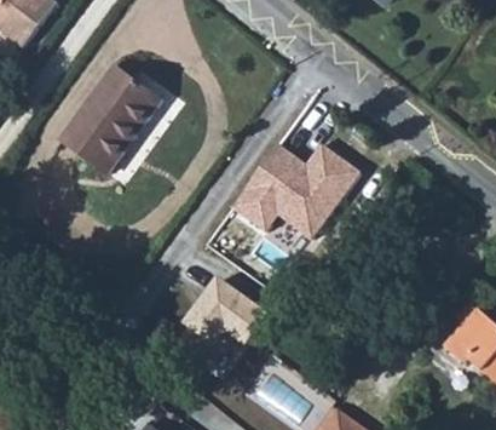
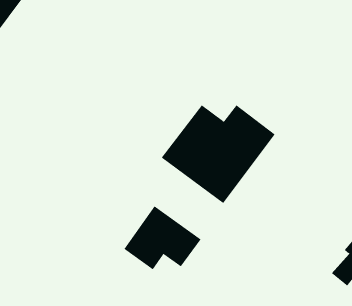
building: [59,67,161,176] -> none

